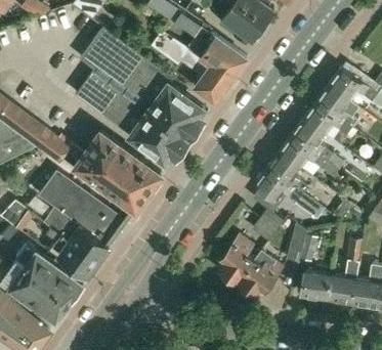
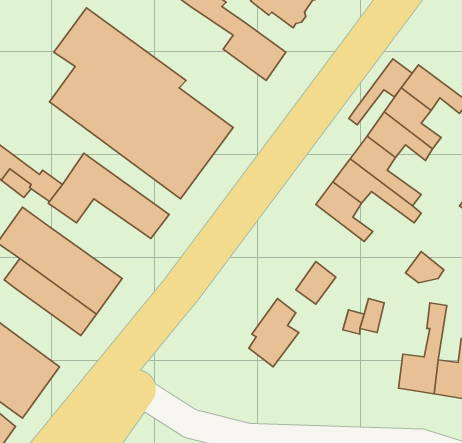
building: [152,31,231,101] -> none
building: none -> [349,59,412,125]
building: [95,164,148,210] -> none
building: [254,168,308,210] -> none
building: [46,228,98,277] -> none
building: [237,251,283,297] -> none
building: [301,271,330,300] -> none

